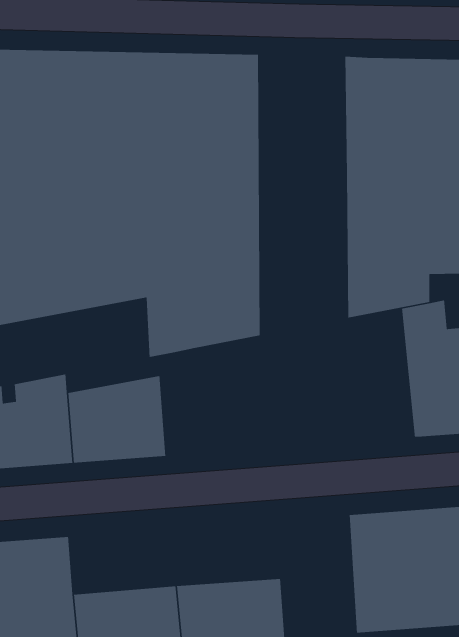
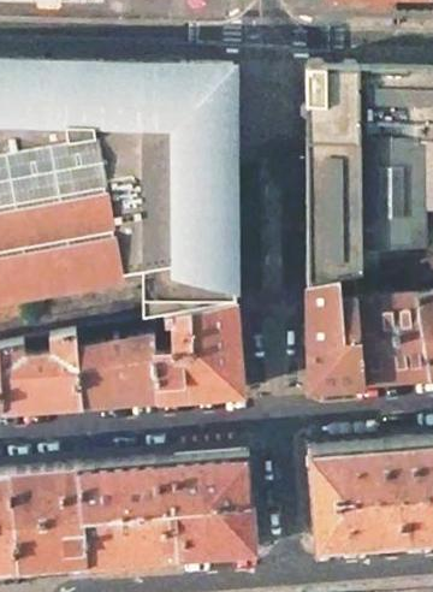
building: none -> [308,283,363,393]
building: none -> [154,306,243,405]
building: none -> [77,458,253,520]

